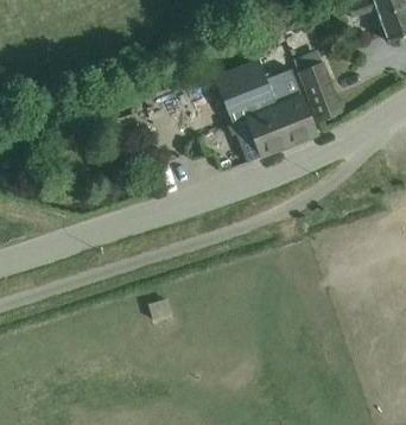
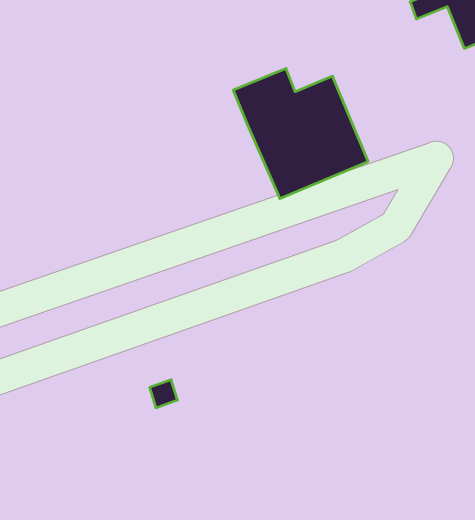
building: [293,53,341,123] -> none

